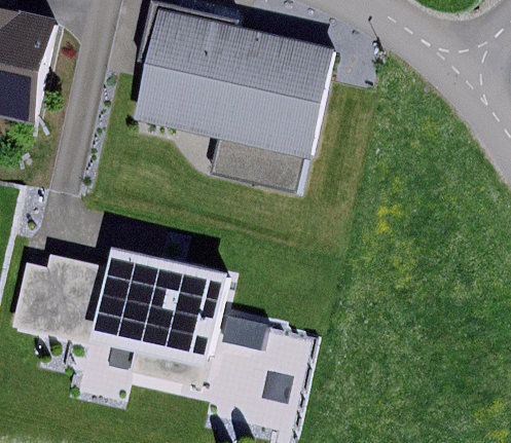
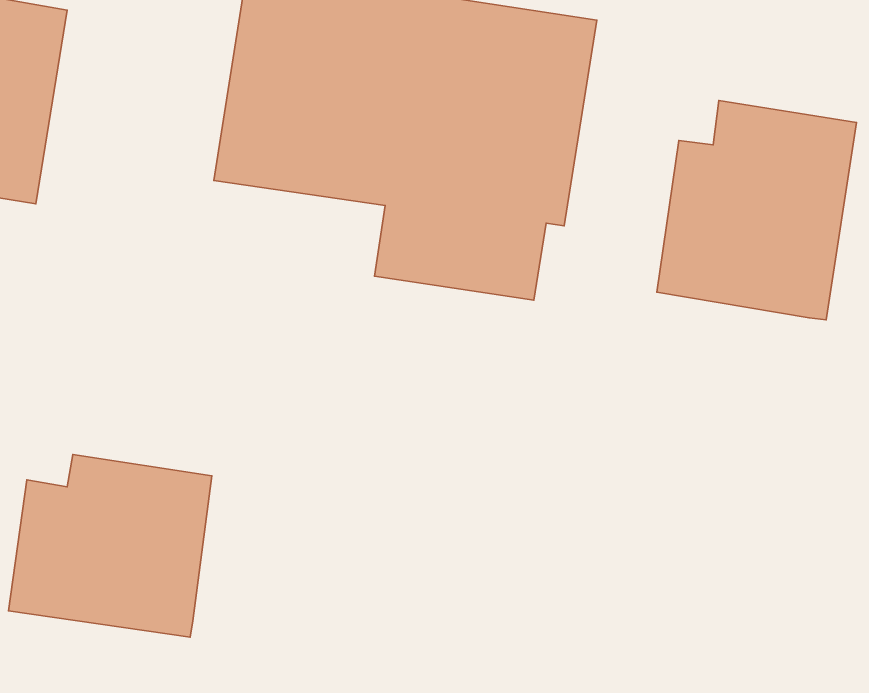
building: none -> [657,101,856,320]
building: [103,251,232,365] -> none

